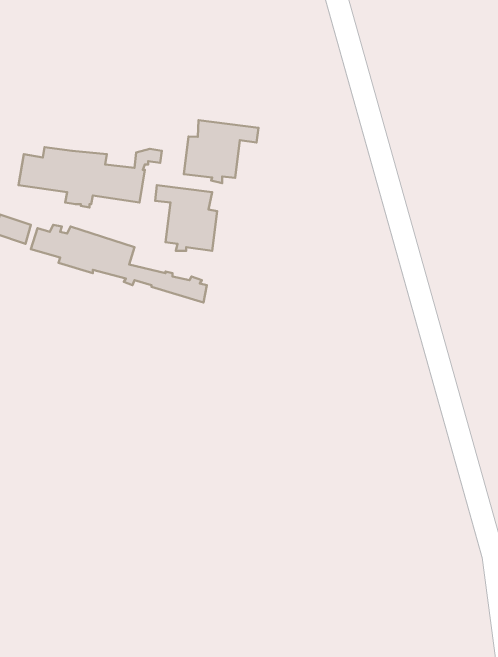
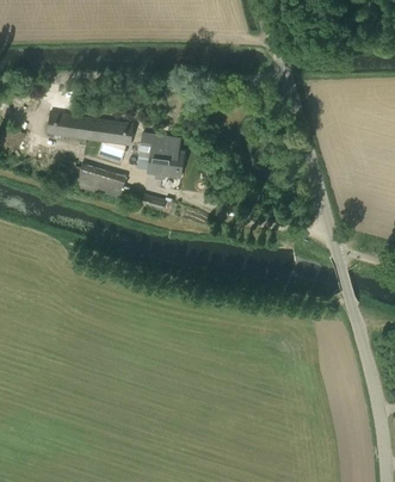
building: [184,120,259,183] -> none

